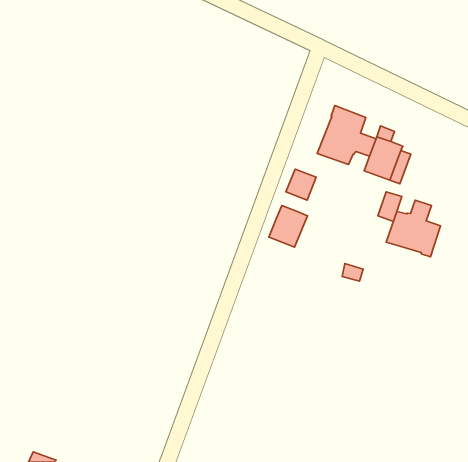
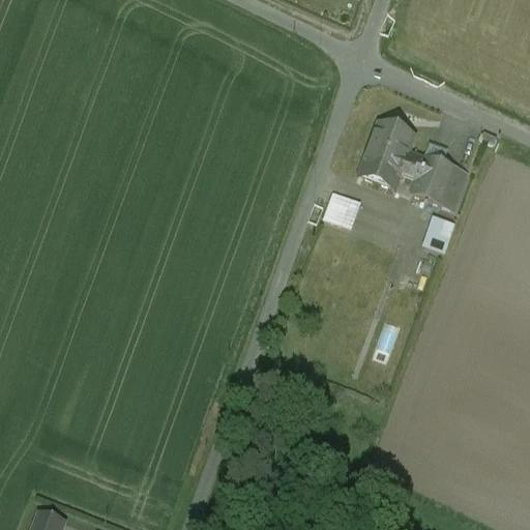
building: [386,200,440,257] -> none
building: [269,206,307,247] -> none

